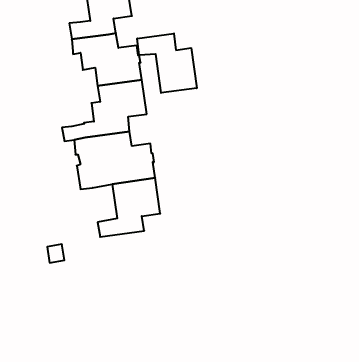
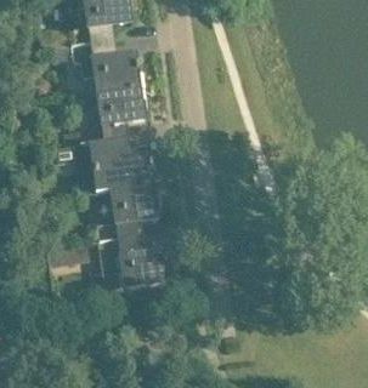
building: [137,33,197,93] -> none
building: none -> [101,236,169,292]

